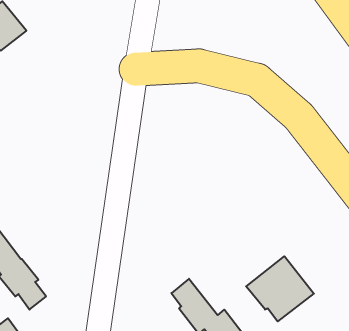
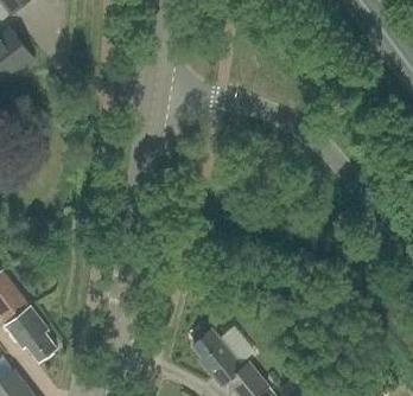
building: [246,256,314,321] -> none

